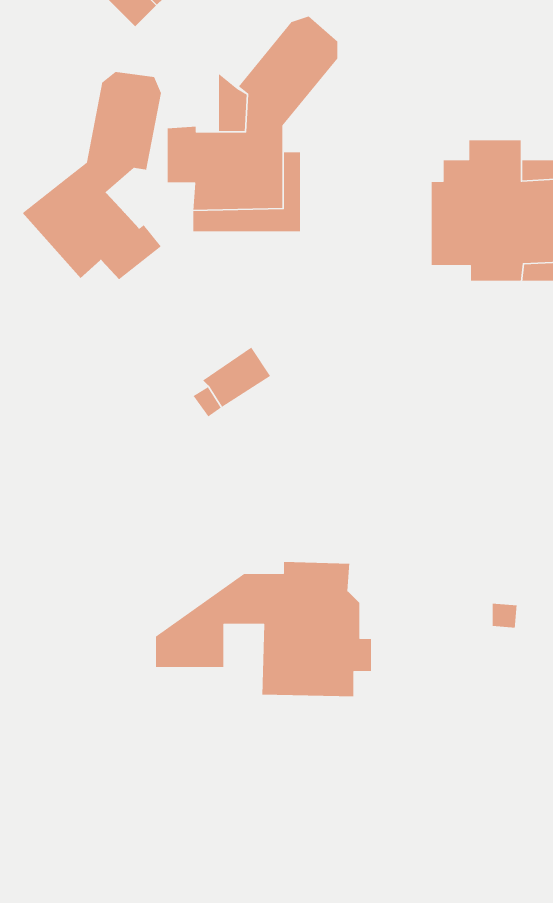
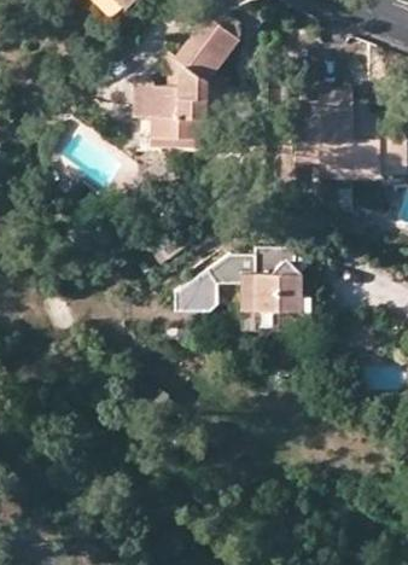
building: [22,71,162,280] -> none
building: [155,561,372,697] -> [174,245,307,328]

